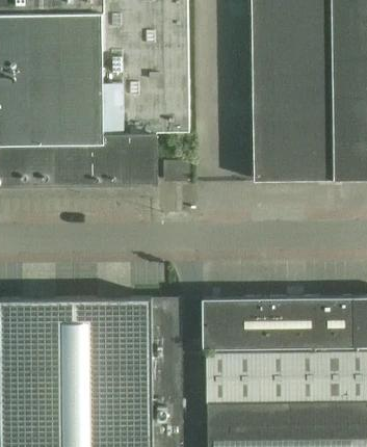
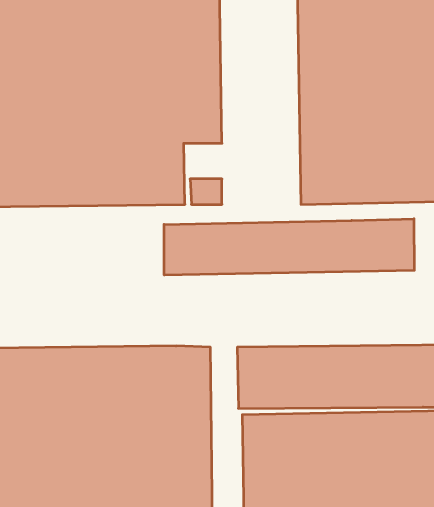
building: none -> [164,219,414,275]

